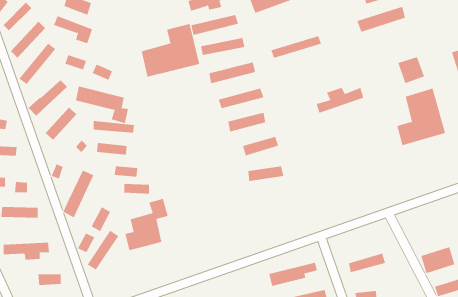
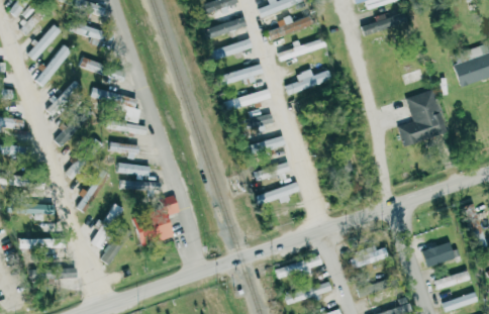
building: none -> [268,15,312,40]
building: [141,23,200,78] -> none
building: [316,87,364,113] -> [285,69,331,94]
building: none -> [258,182,299,204]

